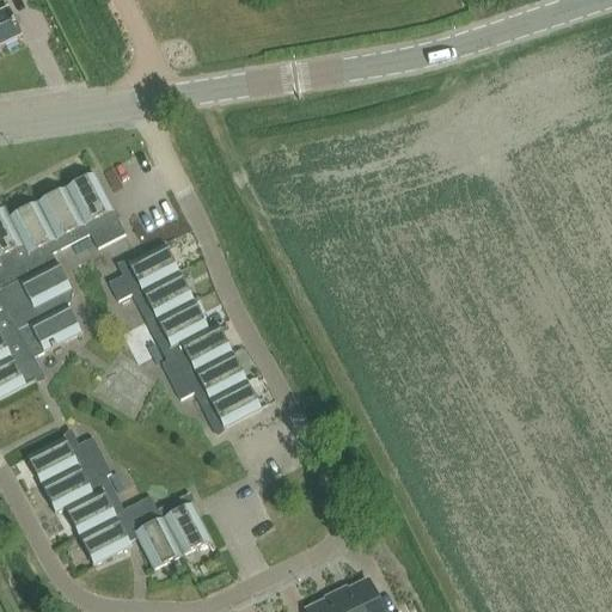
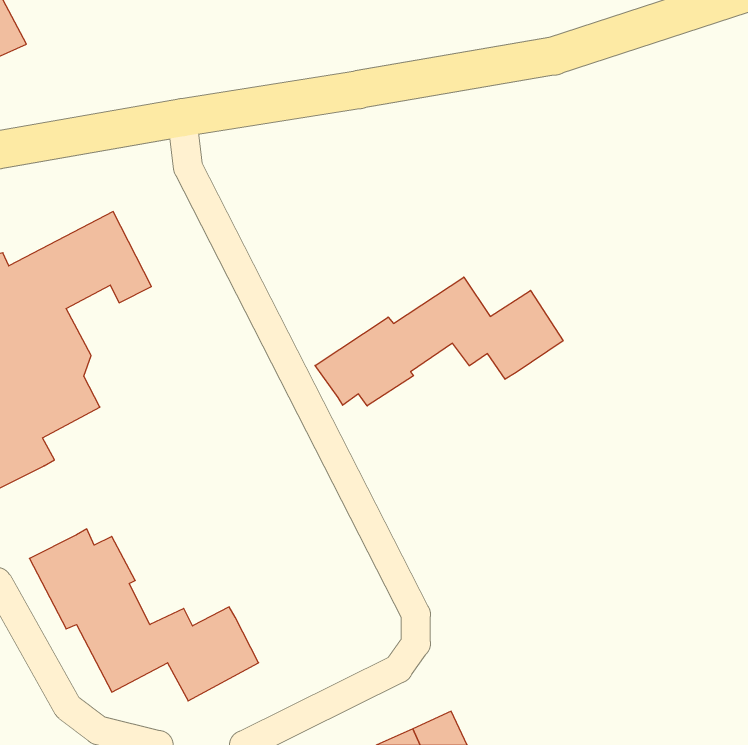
building: none -> [315,277,563,406]
building: [105,239,261,430] -> none

